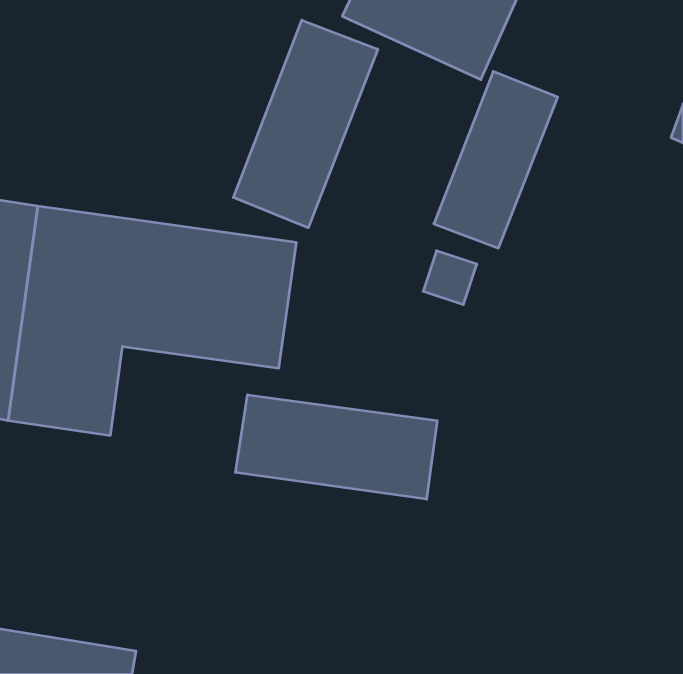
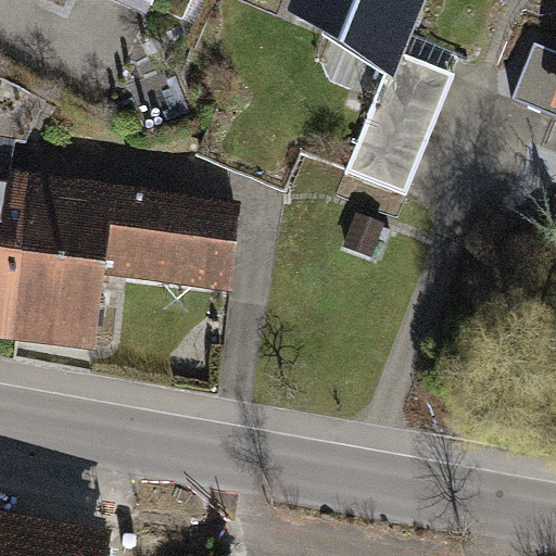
building: [233,20,378,228] -> none
building: [236,395,437,499] -> none

